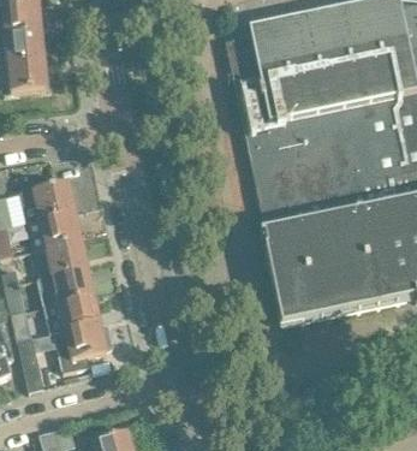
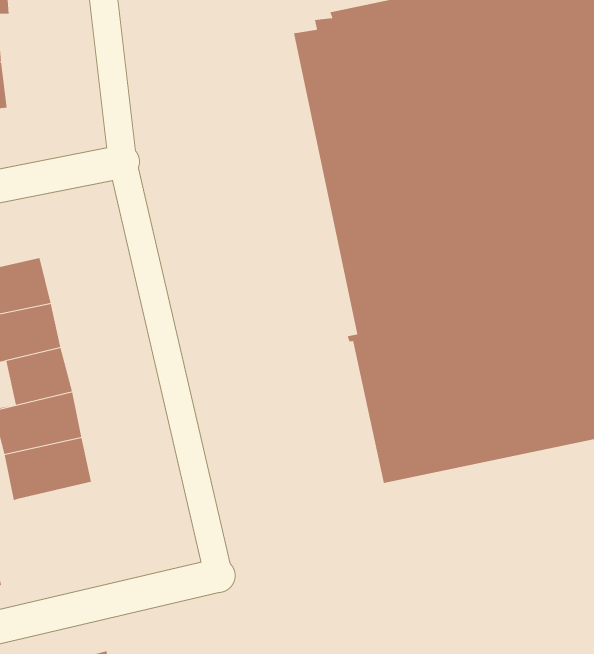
building: [54,321,113,370] -> none

